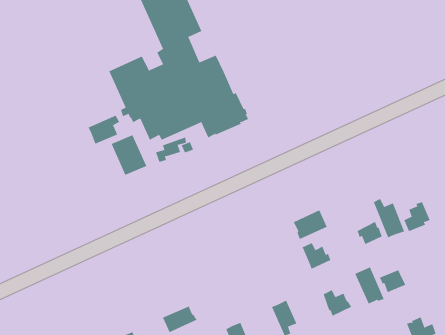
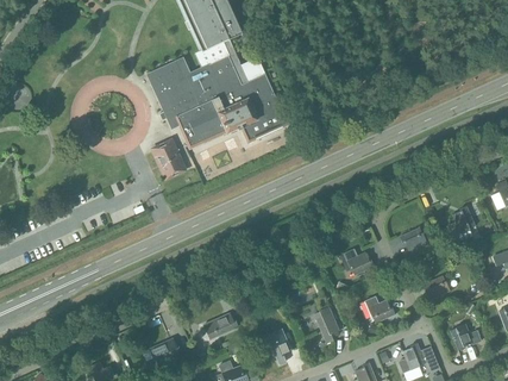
building: [88,115,120,144] -> none
building: [373,198,405,238] -> none
building: [293,209,327,240] -> none
building: [354,267,385,304] -> none

